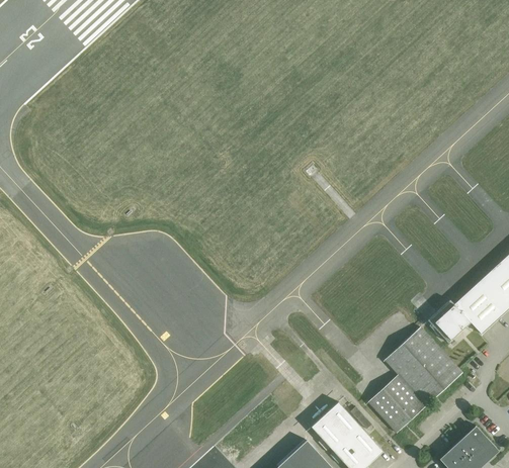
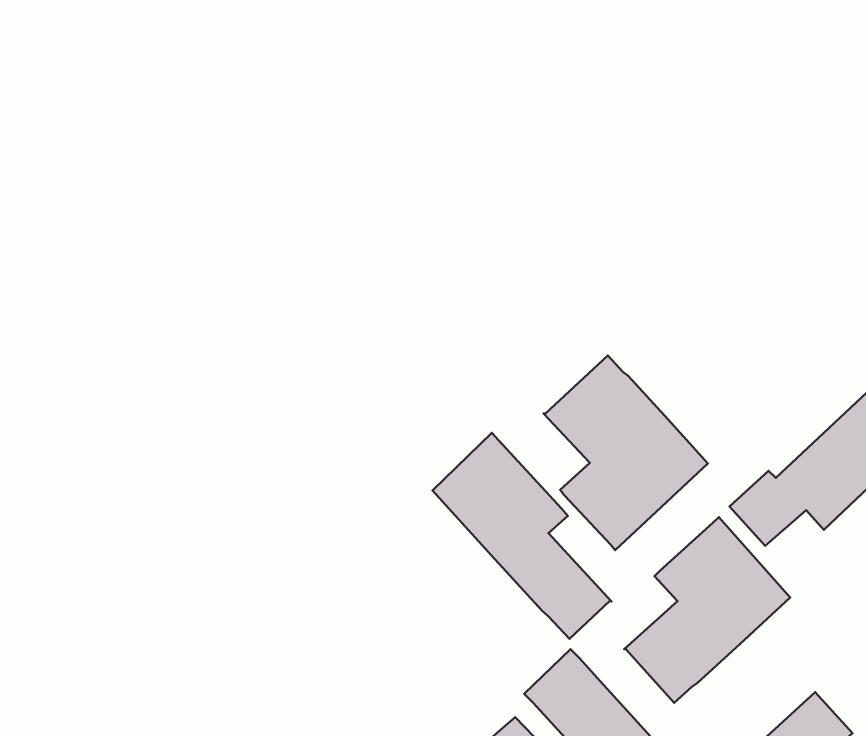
building: none -> [544,356,708,550]
building: none -> [432,433,612,639]

